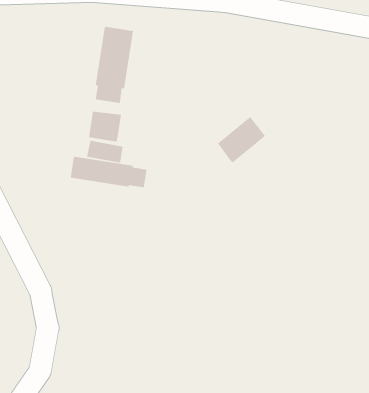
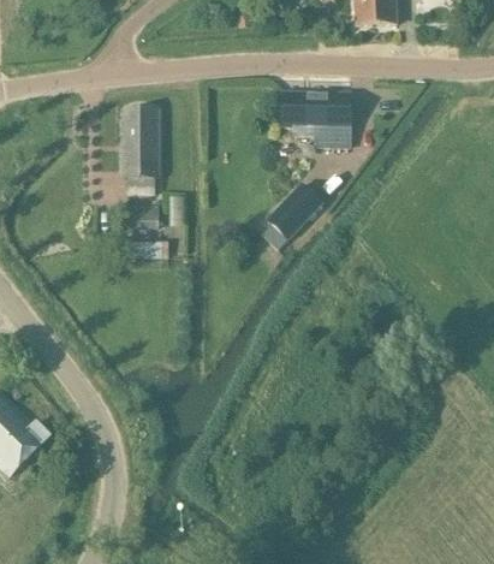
building: none -> [282,91,351,144]
building: [70,156,147,188] -> none

